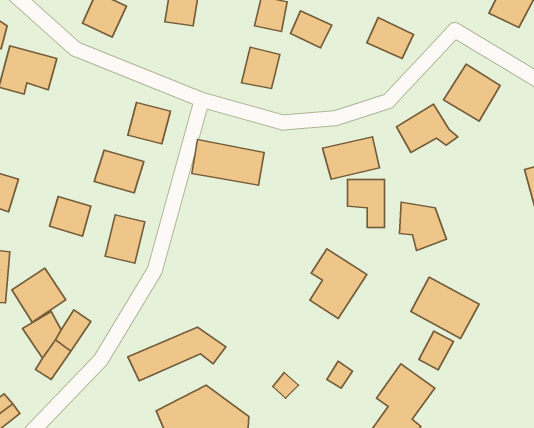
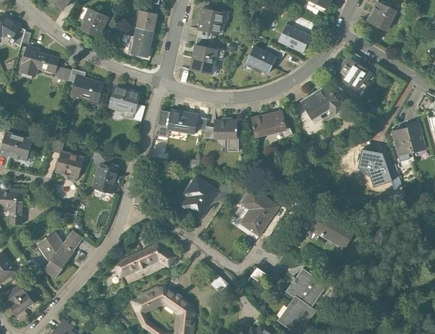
building: [291,11,332,48] -> [247,47,276,73]
building: none -> [132,27,156,57]
building: [94,150,144,193] -> [69,74,104,104]
building: [347,179,384,228] -> [211,119,237,153]
building: [400,202,447,250] -> [357,147,390,181]
building: none -> [175,174,219,220]
building: [12,268,66,322] -> none
building: [419,331,453,370] -> none

